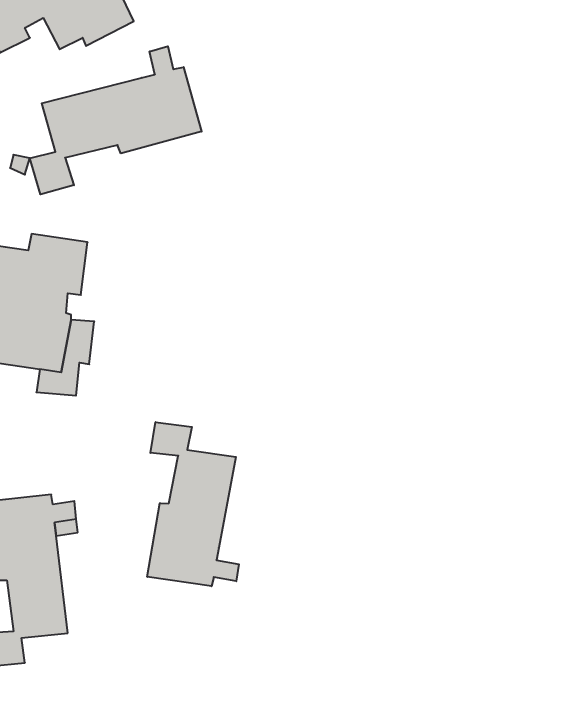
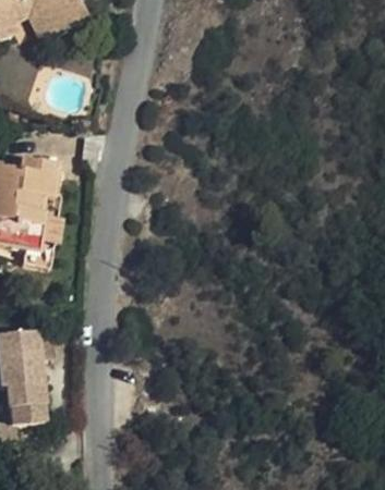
building: [30,46,202,194] -> none
building: [147,422,239,586] -> none

